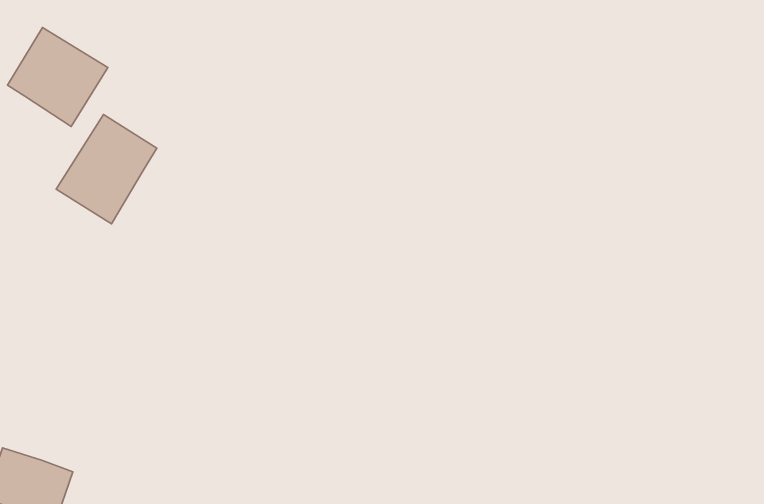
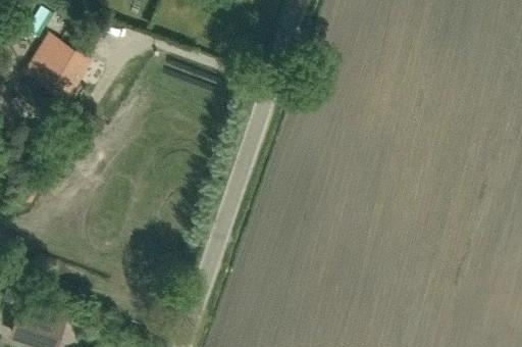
building: [56,114,157,224] -> none

